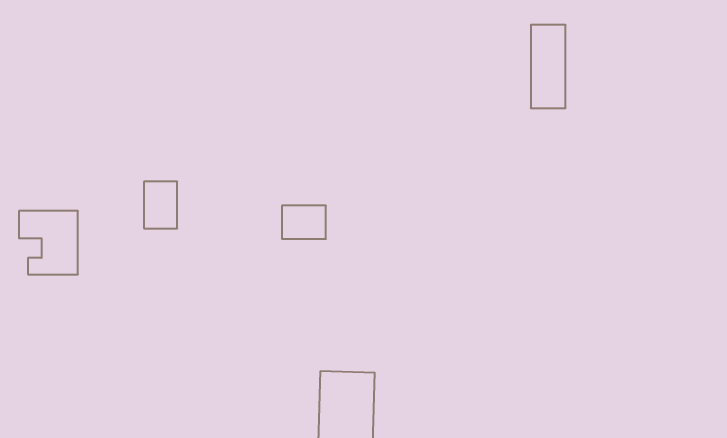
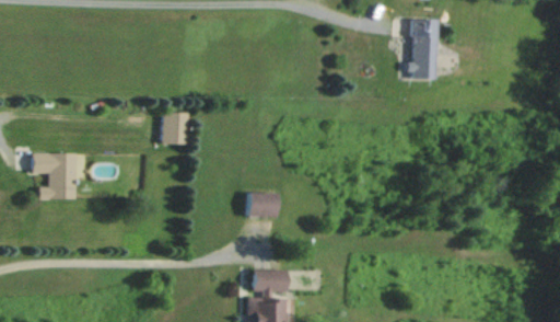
building: [144,182,177,228] -> [160,112,184,146]
building: [282,206,326,239] -> [246,193,278,217]

